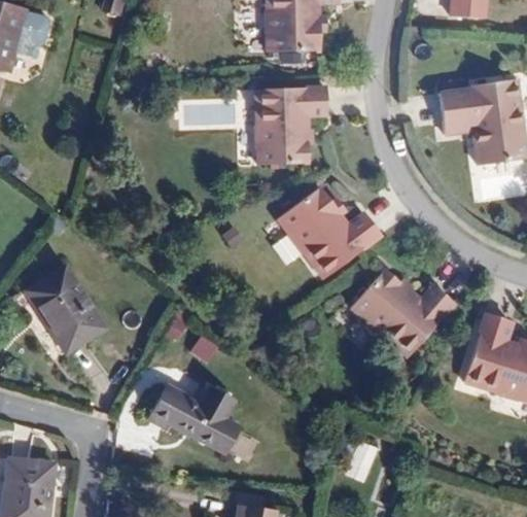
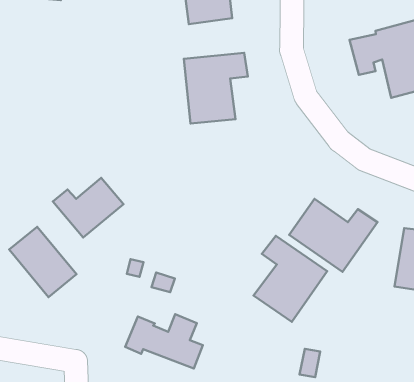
building: [278,186,380,277] -> none
building: none -> [53,178,123,237]
building: none -> [253,236,327,322]

